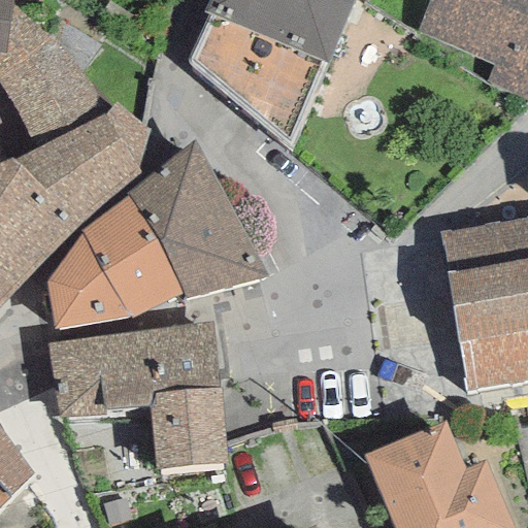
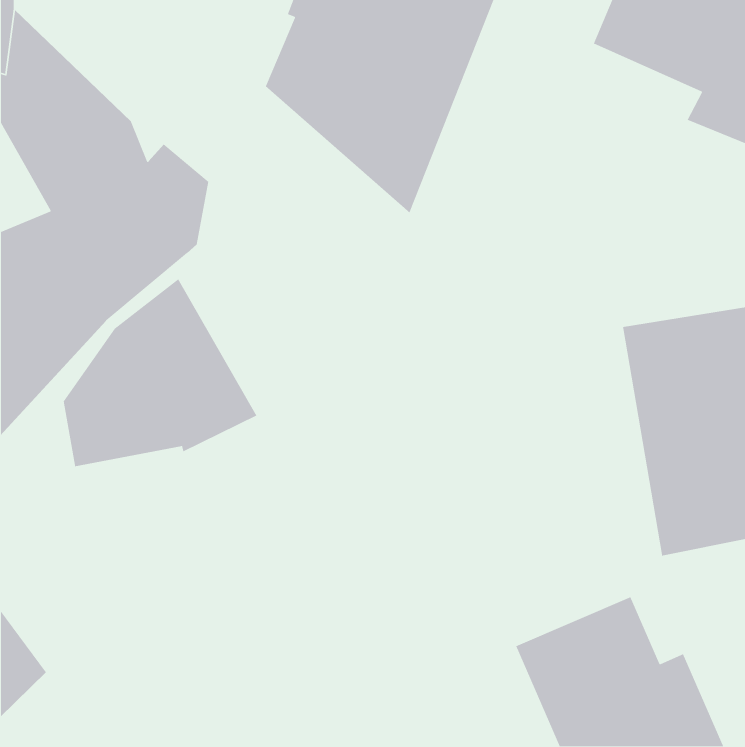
building: [127,140,267,299] -> none
building: [48,321,227,469] -> none

